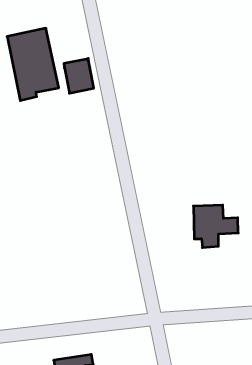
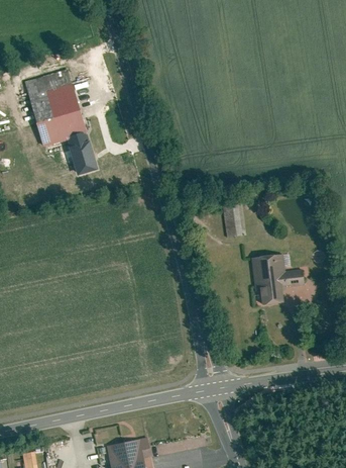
building: [64,58,94,93] -> [63,134,99,176]
building: none -> [222,201,242,237]

